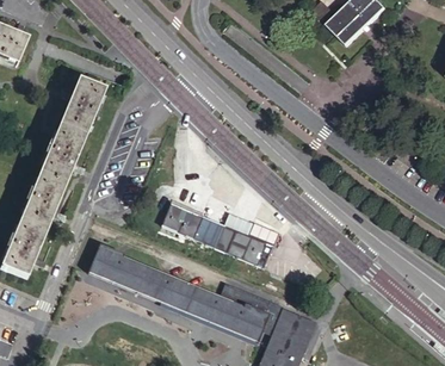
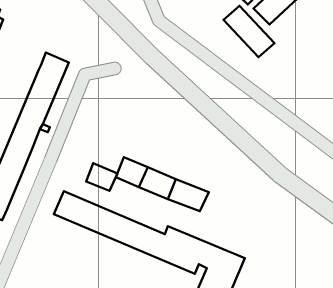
building: none -> [224,6,274,57]
building: none -> [86,163,117,191]

